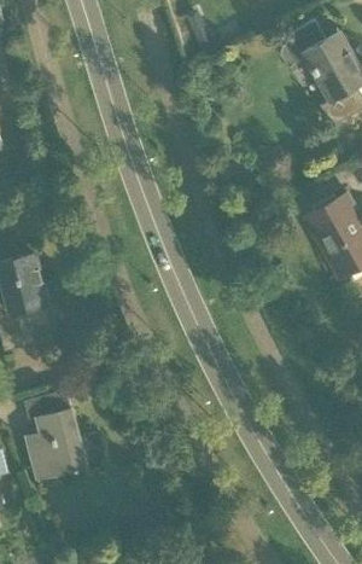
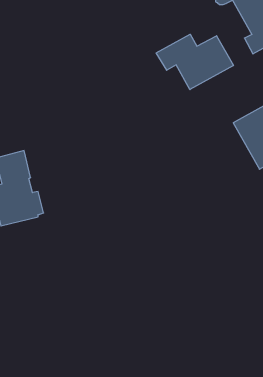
building: none -> [156,34,233,90]
building: [29,389,86,472] -> none

